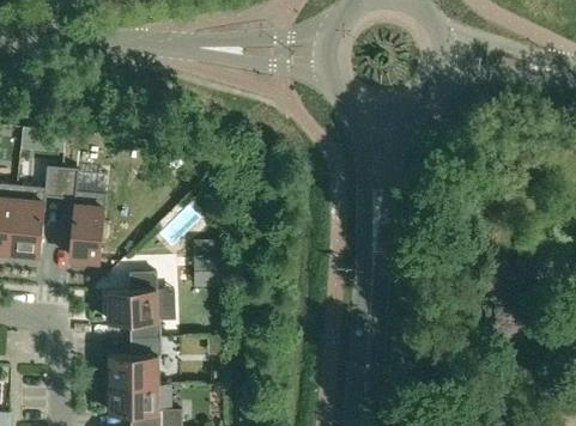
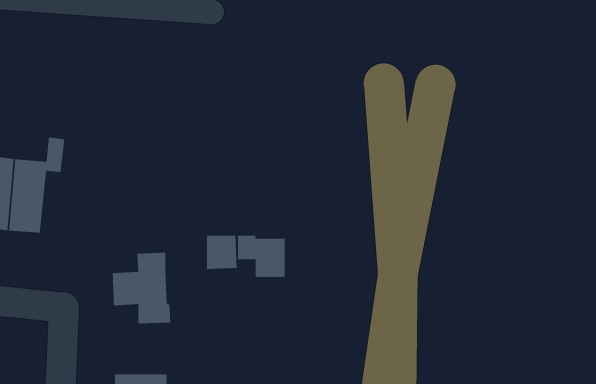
building: [60,168,107,261] -> none
building: none -> [237,235,286,278]
building: [109,337,162,384] -> none

